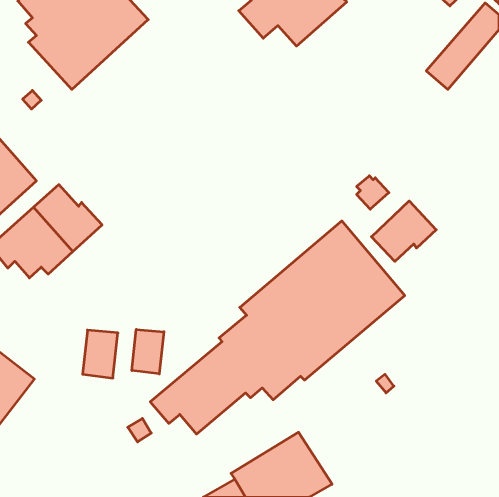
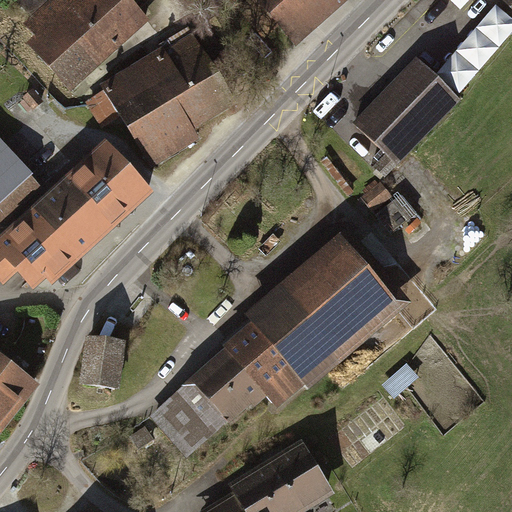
building: none -> [89,32,240,170]
building: none -> [349,54,459,176]
building: none -> [60,145,148,229]
building: [371,201,436,261] -> none
building: [132,329,164,374] -> none

